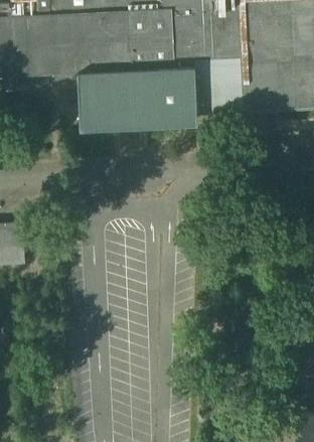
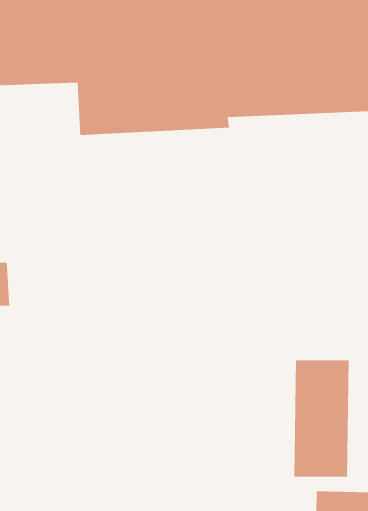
building: none -> [293,360,349,477]

